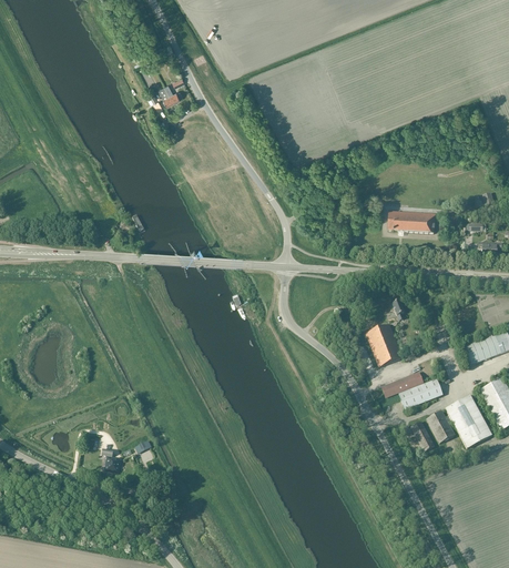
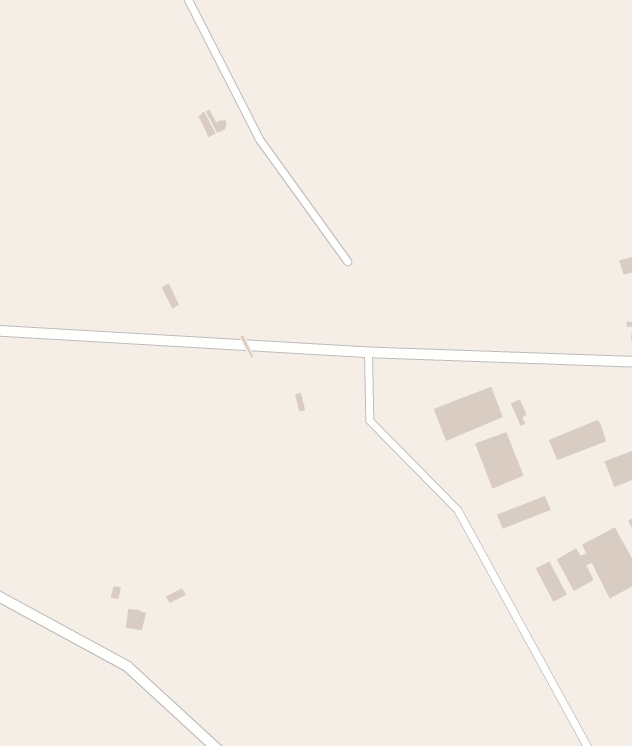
building: [387,210,435,232] -> none
building: none -> [433,386,504,442]
building: [398,377,442,408] -> [548,419,607,461]

